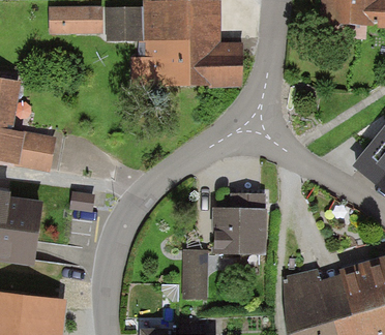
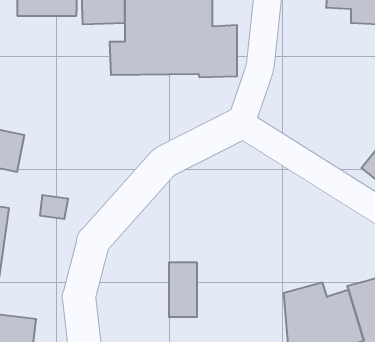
building: [213,192,267,253] -> none

